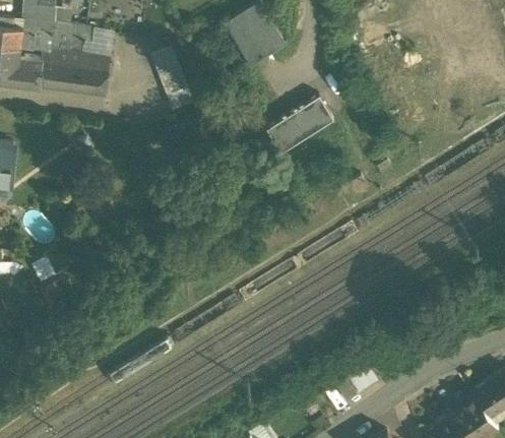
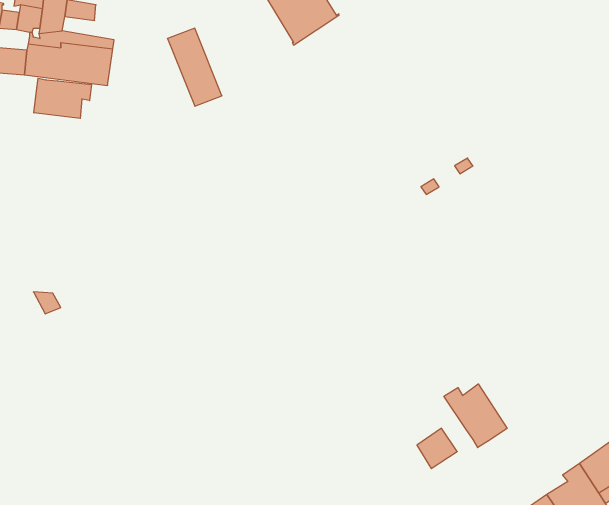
building: none -> [34,78,92,118]
building: [266,92,333,148] -> none
building: none -> [444,384,507,448]

